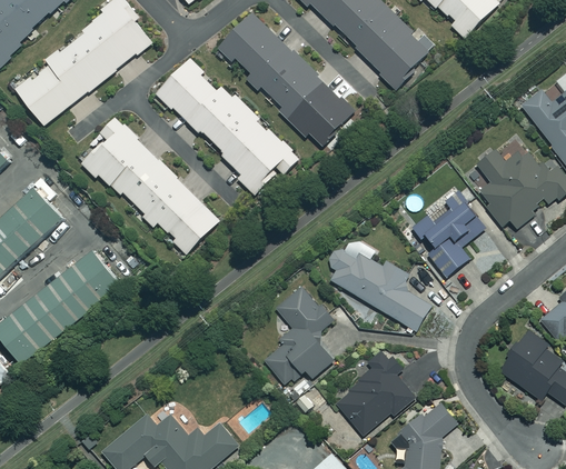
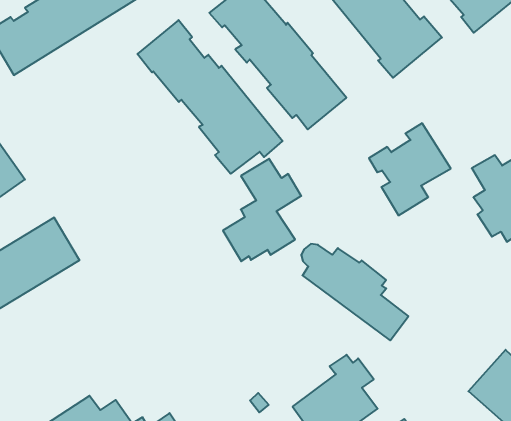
building: [78,116,220,256] -> none
building: [410,190,487,278] -> [369,123,451,215]
building: [265,288,334,386] -> [223,159,301,261]

